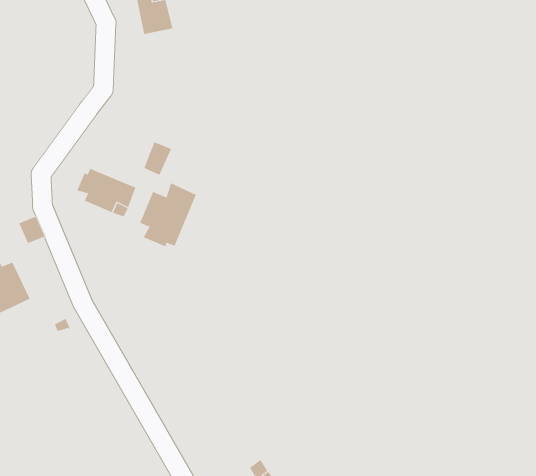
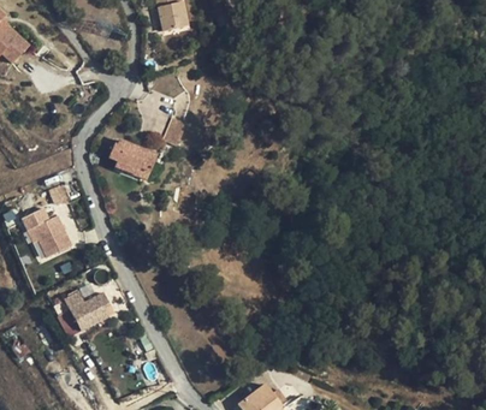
building: [140,182,196,247] -> none
building: none -> [52,293,108,332]

